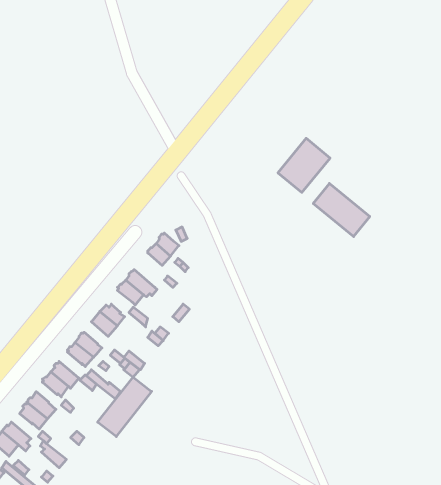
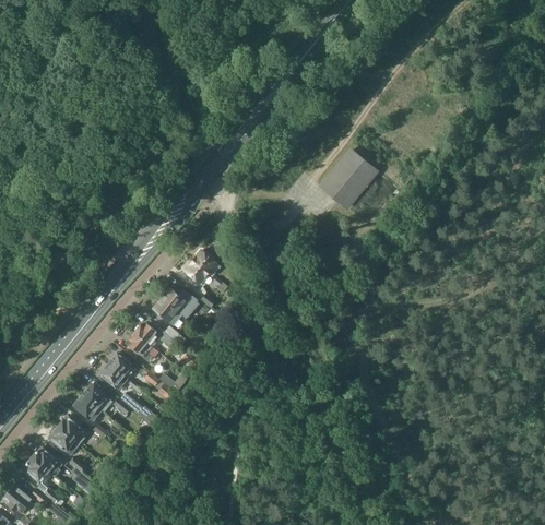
building: [313,183,370,237] -> none
building: [98,377,152,437] -> none

